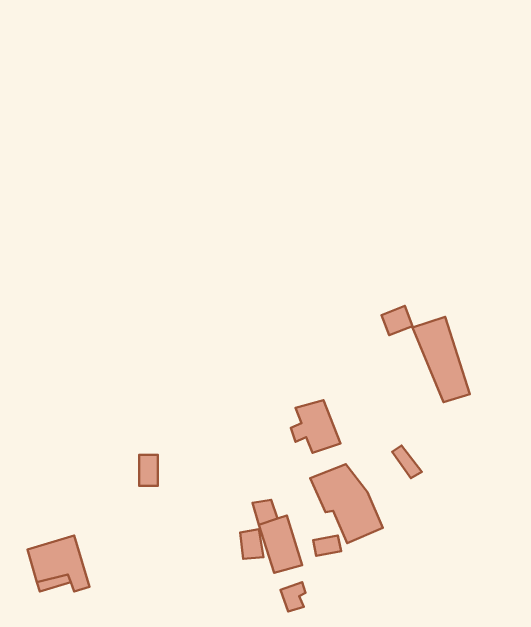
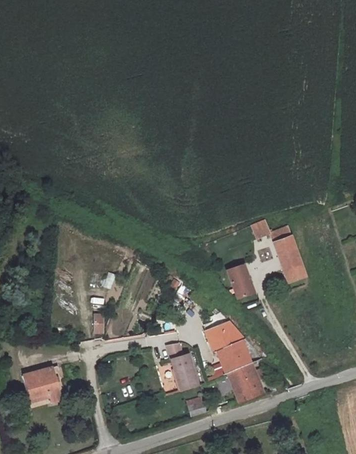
building: [291,400,340,453] -> [224,266,256,300]
building: none -> [227,362,262,400]

